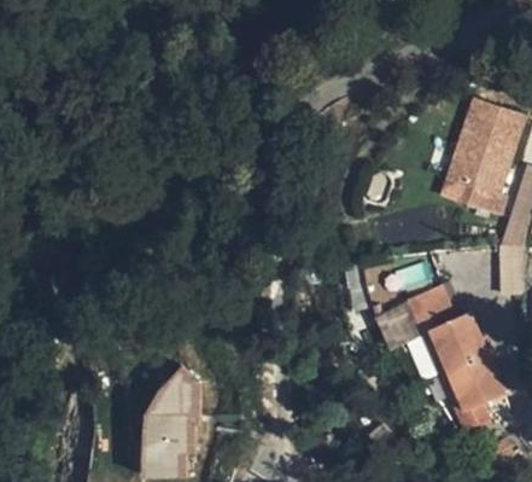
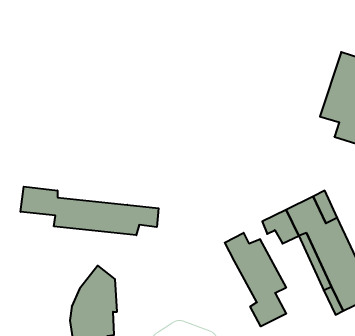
building: none -> [21,187,159,235]
building: none -> [225,233,286,326]

